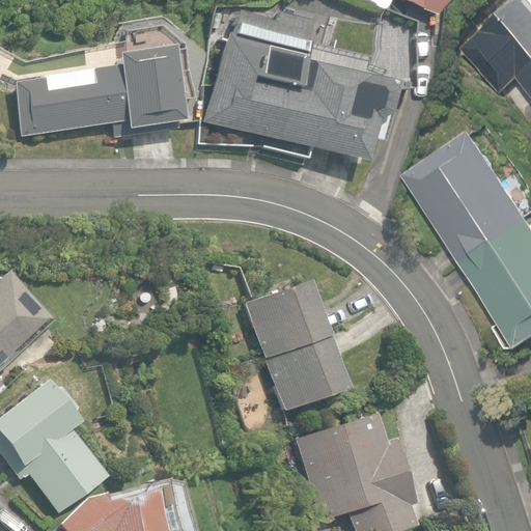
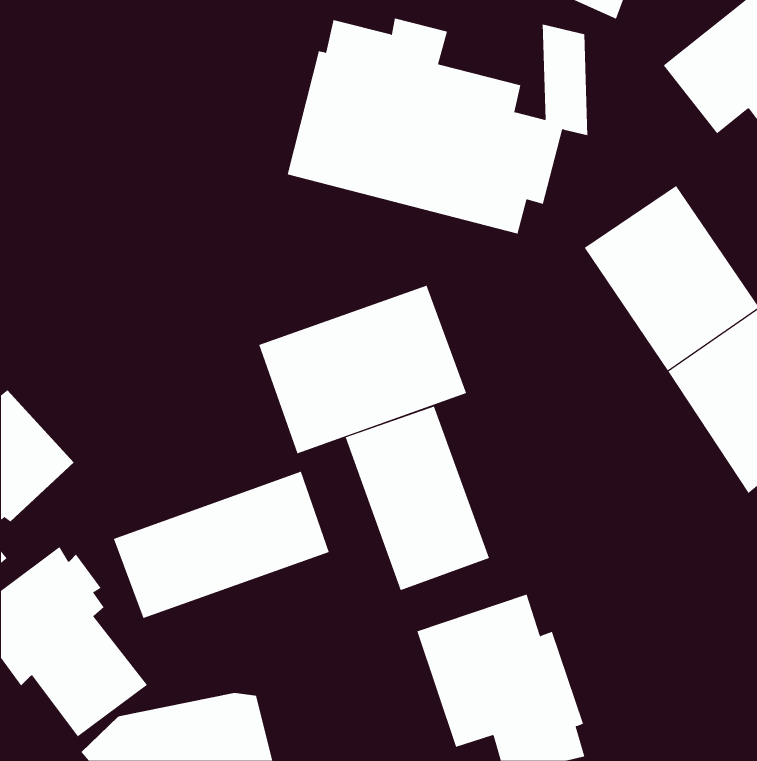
building: [16,48,183,137] -> none
building: none -> [258,285,467,454]
building: none -> [113,471,330,619]

